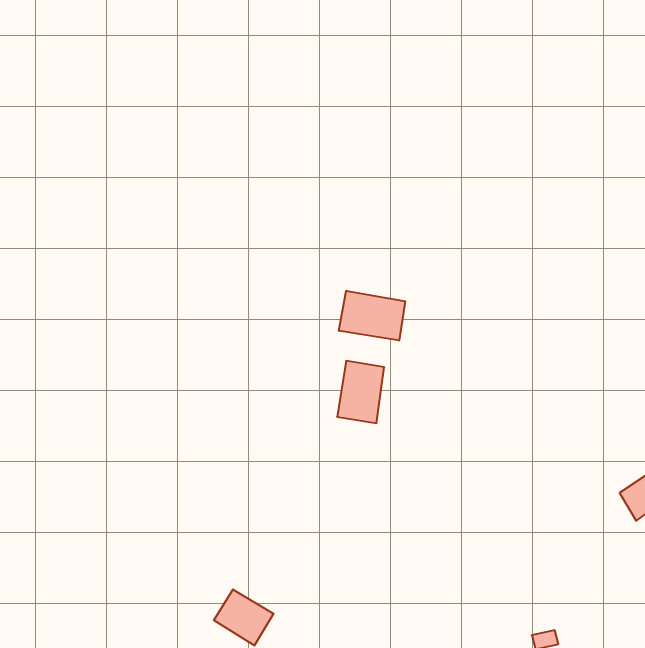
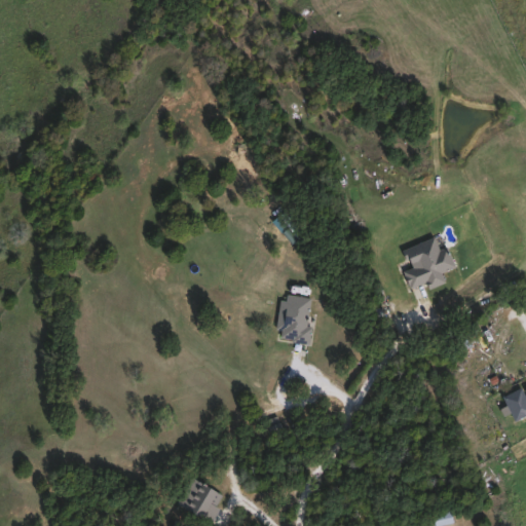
building: [339,291,405,341] -> none
building: none -> [404,236,456,289]

